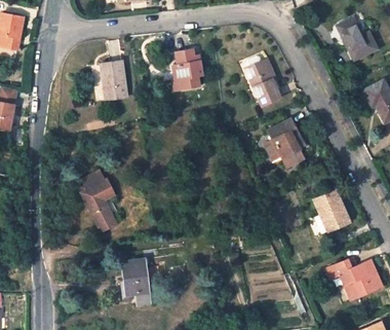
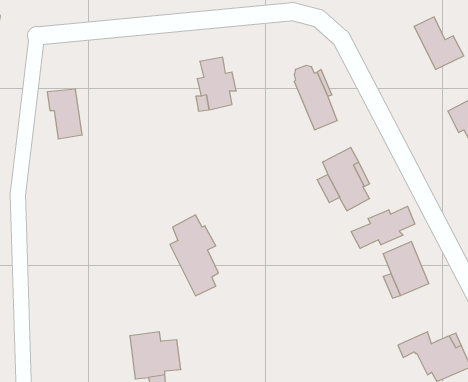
building: [101,62,127,100] -> [47,89,82,139]
building: none -> [351,206,415,248]
building: [82,170,119,231] -> [170,215,218,296]

